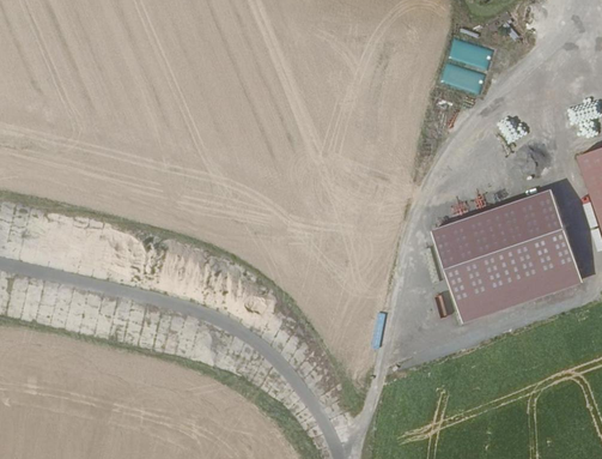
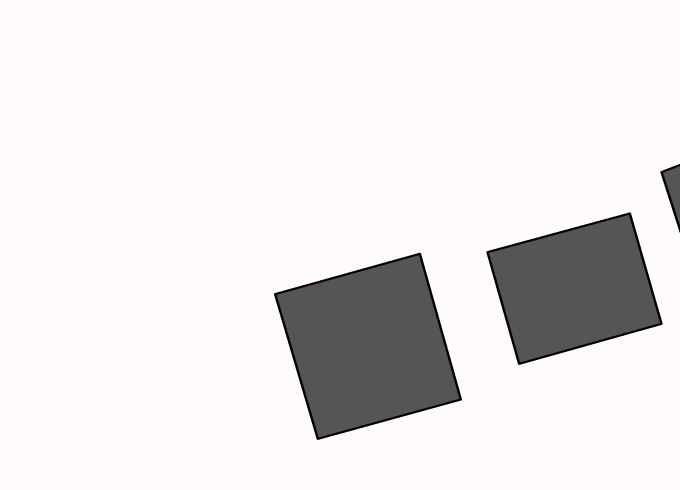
building: none -> [275,254,461,439]

